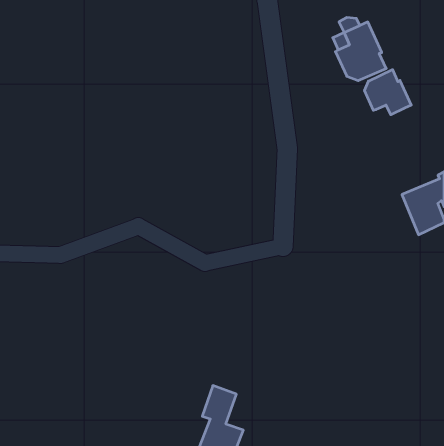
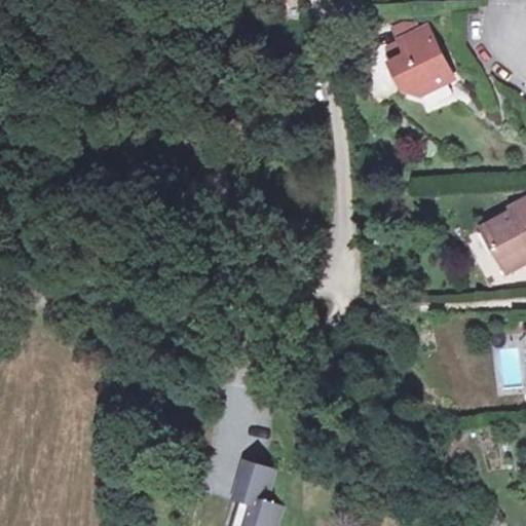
building: [365,70,411,115] -> none

